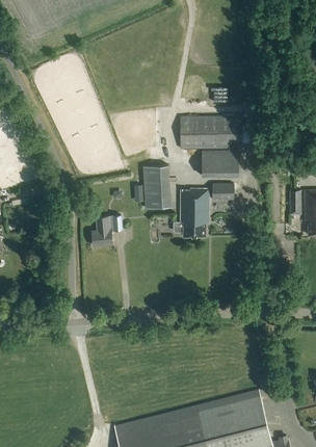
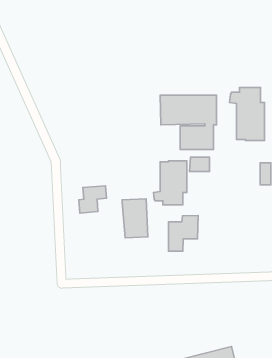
building: none -> [230,87,264,141]
building: [142,165,170,208] -> [122,199,148,238]
building: none -> [168,216,198,251]

